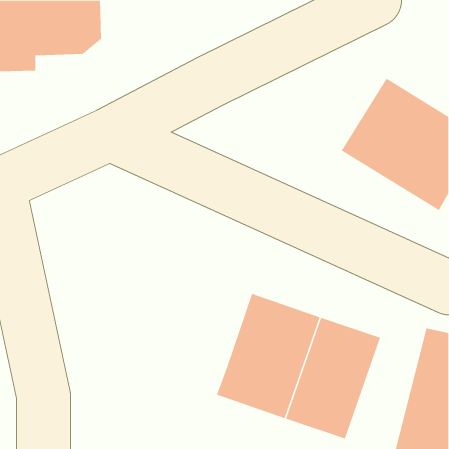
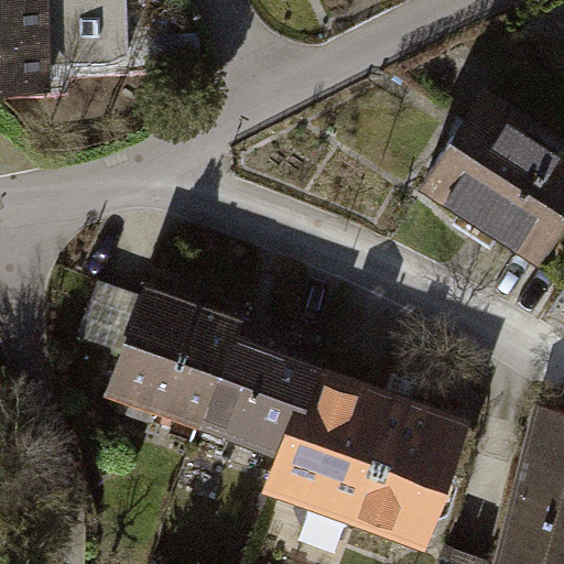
building: none -> [100,288,319,459]

